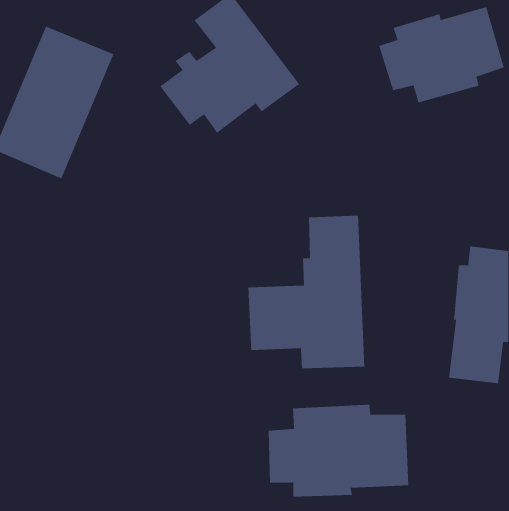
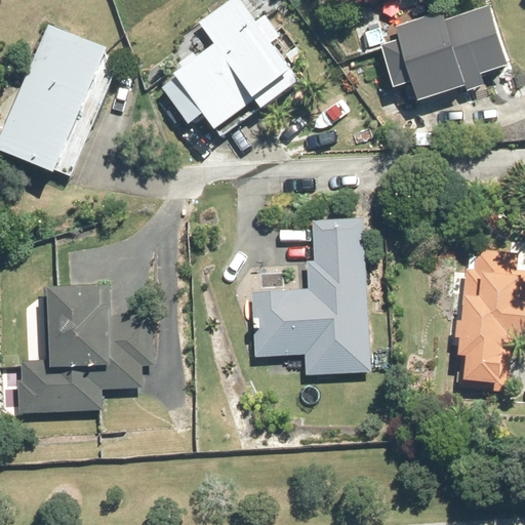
building: none -> [14,285,150,411]
building: [268,404,409,498] -> none

